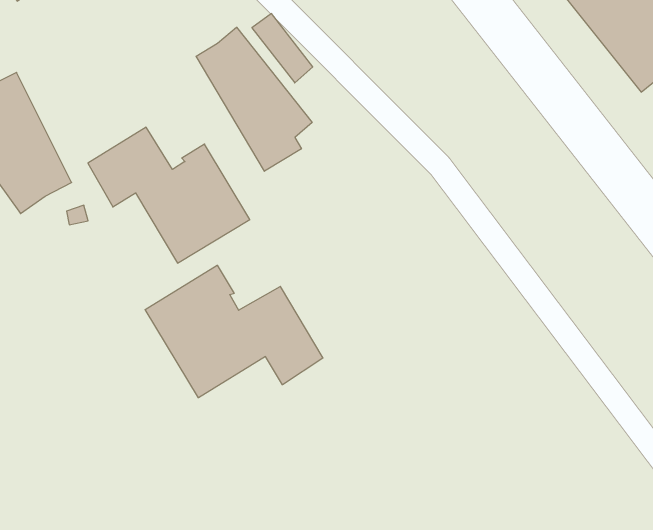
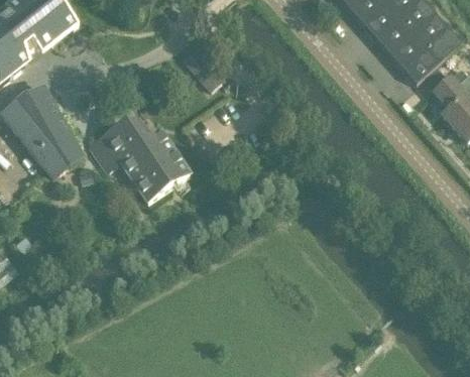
building: [196,27,312,171] -> none
building: [145,265,323,398] -> none

